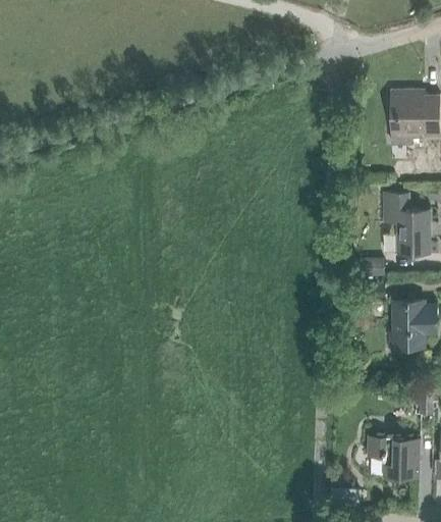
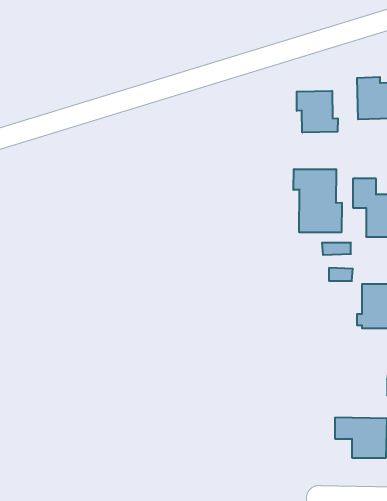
building: none -> [297,91,338,133]
building: none -> [293,169,342,232]

